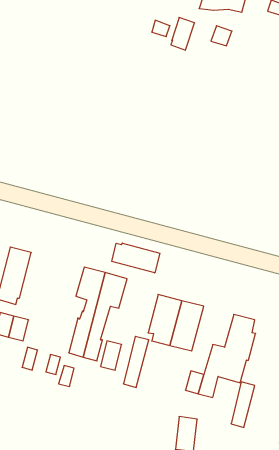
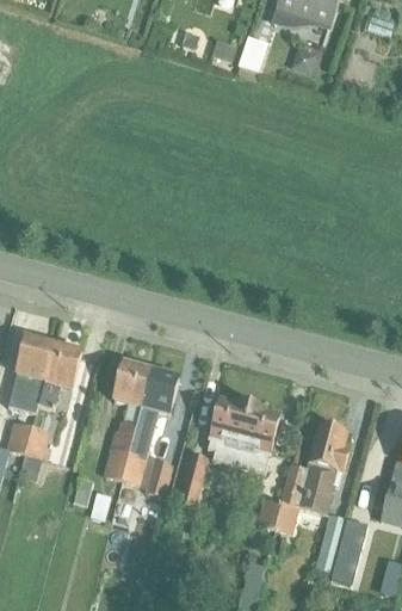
building: [112,243,160,273] -> none
building: none -> [38,342,81,407]
building: none -> [330,517,366,584]

